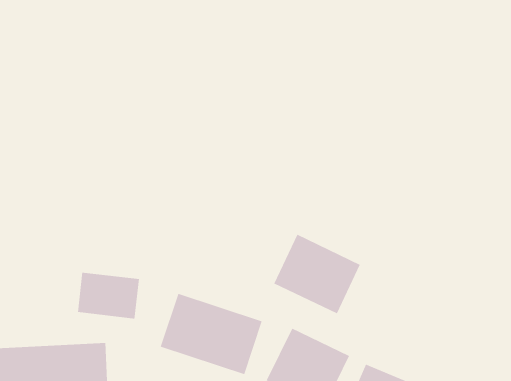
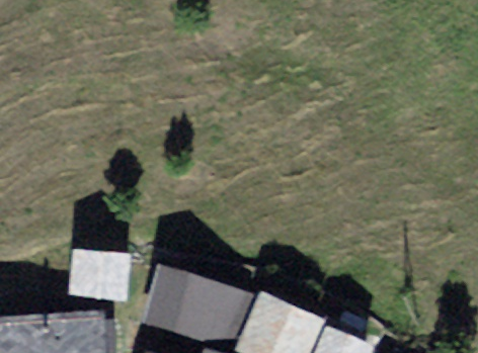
building: [274,234,361,314] -> none

